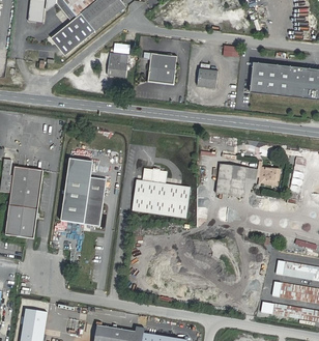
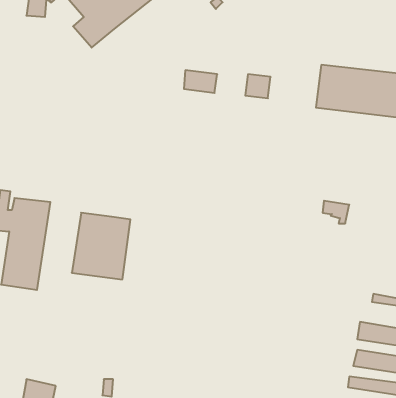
building: [109,49,129,74] -> none
building: [67,159,93,178] -> none
building: [215,162,245,194] -> none
building: [130,171,188,221] -> none

